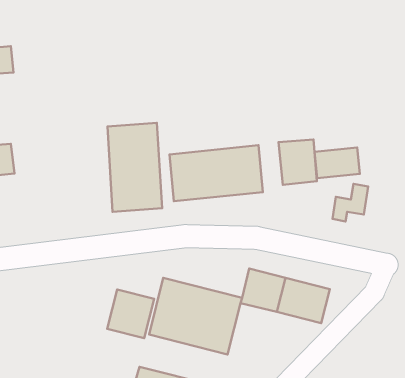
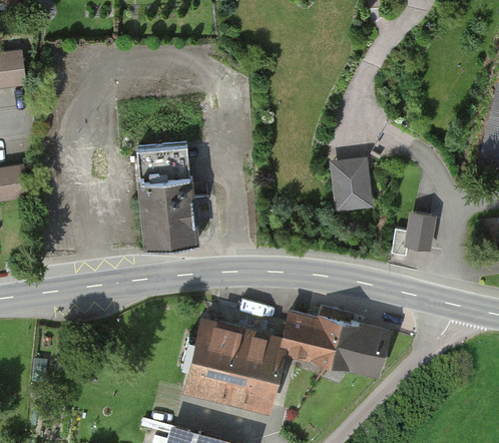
building: [170,145,263,201] -> none
building: [314,148,360,178] -> none
building: [107,290,154,338] -> none

